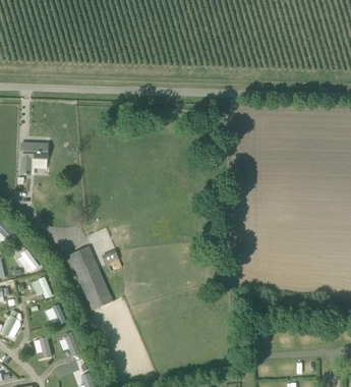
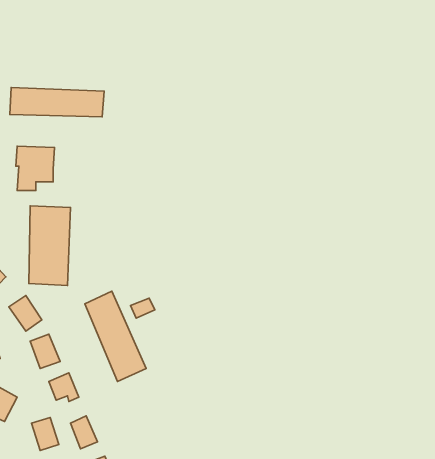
building: none -> [10,87,104,117]
building: none -> [29,206,70,286]

